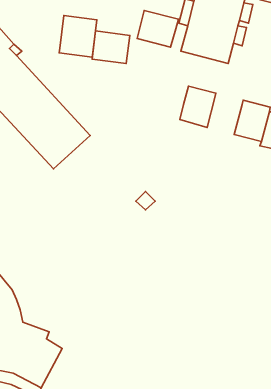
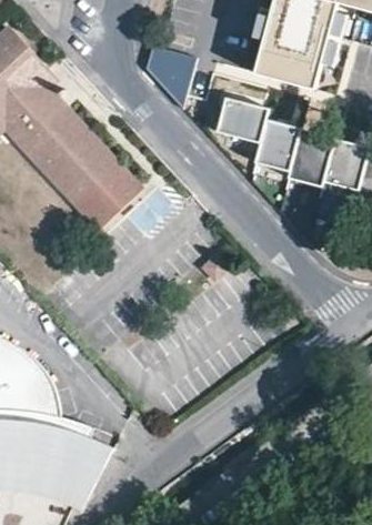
building: [137,10,178,47] -> [218,98,270,144]
building: [59,15,97,57] -> none
building: none -> [288,135,334,188]

